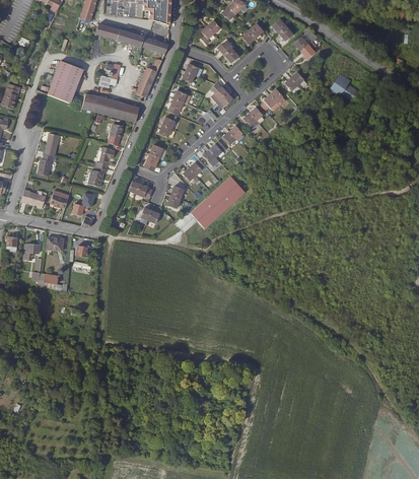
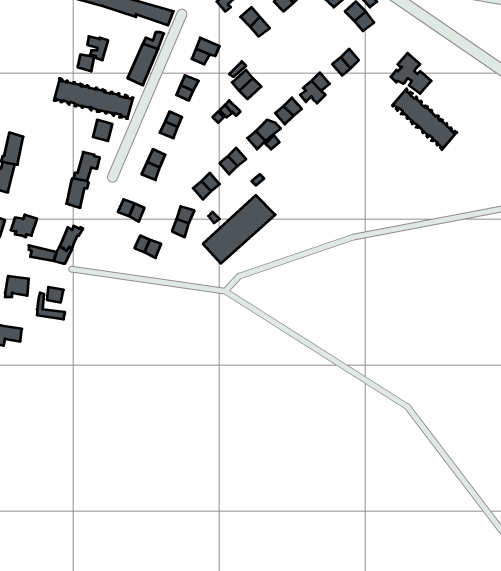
building: [47,60,83,102] -> none
building: none -> [392,89,457,150]

